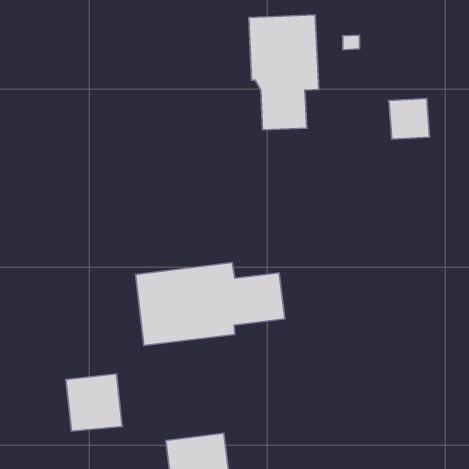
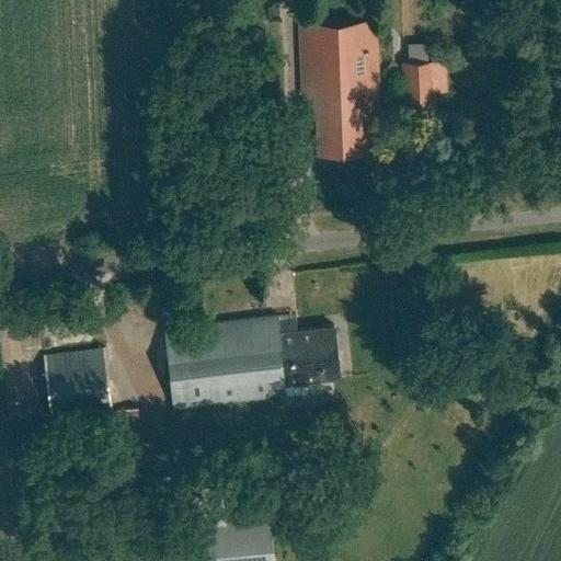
building: [389,99,429,139] -> [401,61,449,110]
building: [66,374,122,431] -> [44,350,111,417]

